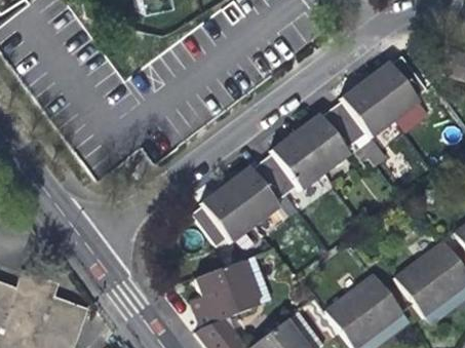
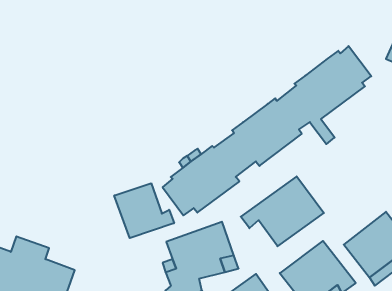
building: none -> [241,176,324,246]
building: none -> [114,183,174,238]

